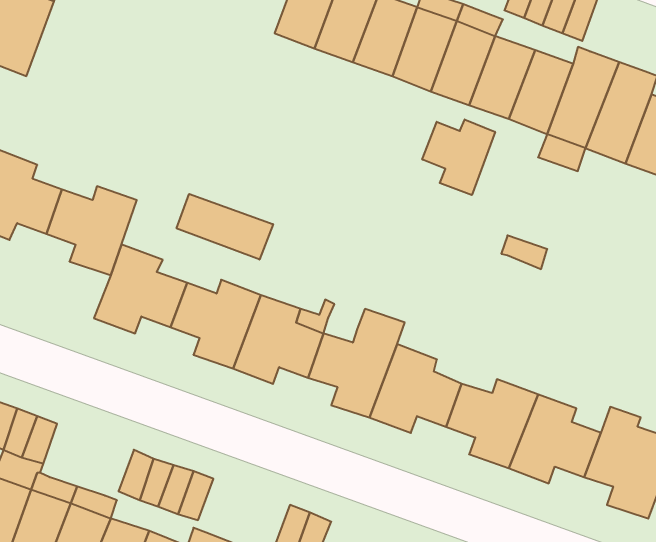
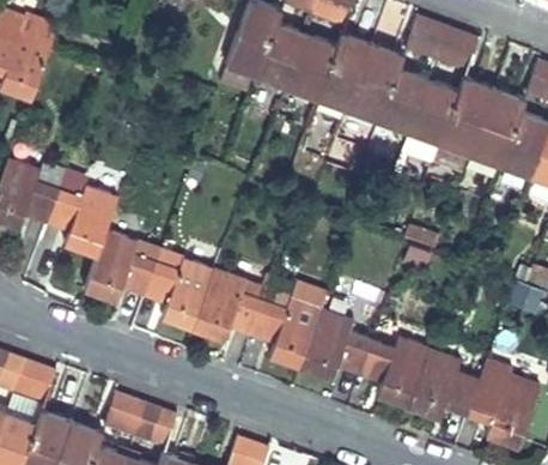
building: [422,119,495,195] -> none
building: [177,194,273,260] -> none

